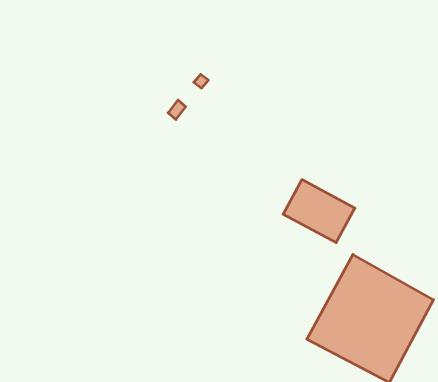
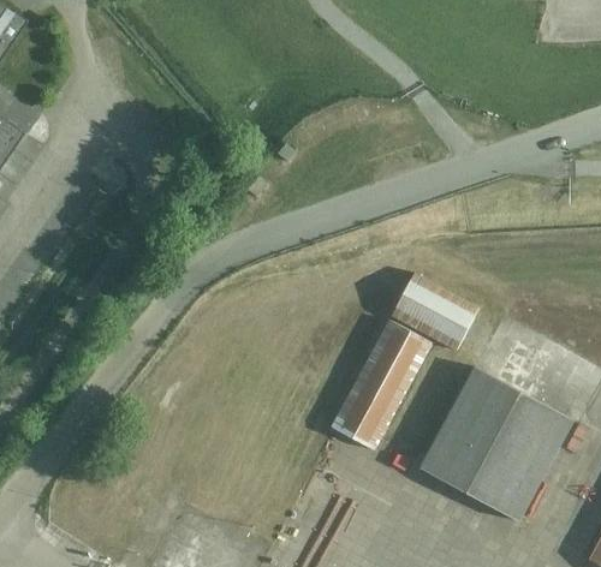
building: none -> [332,321,430,448]

